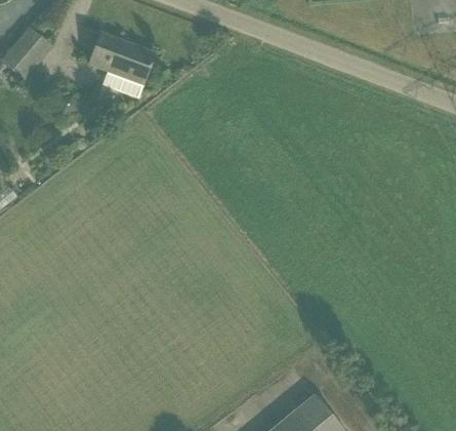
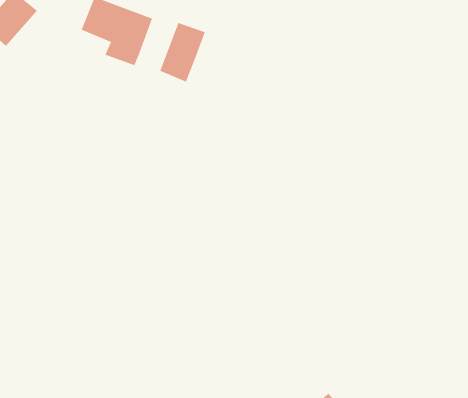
building: none -> [159,22,206,83]

